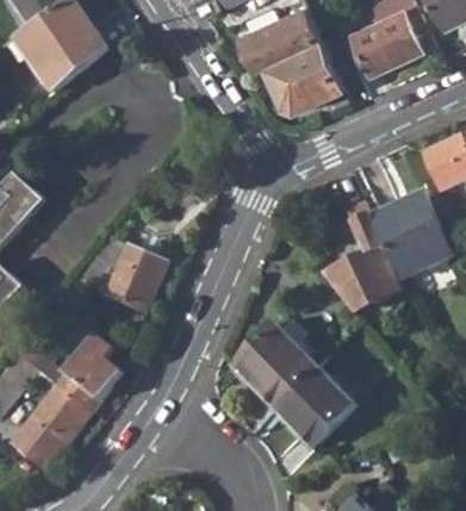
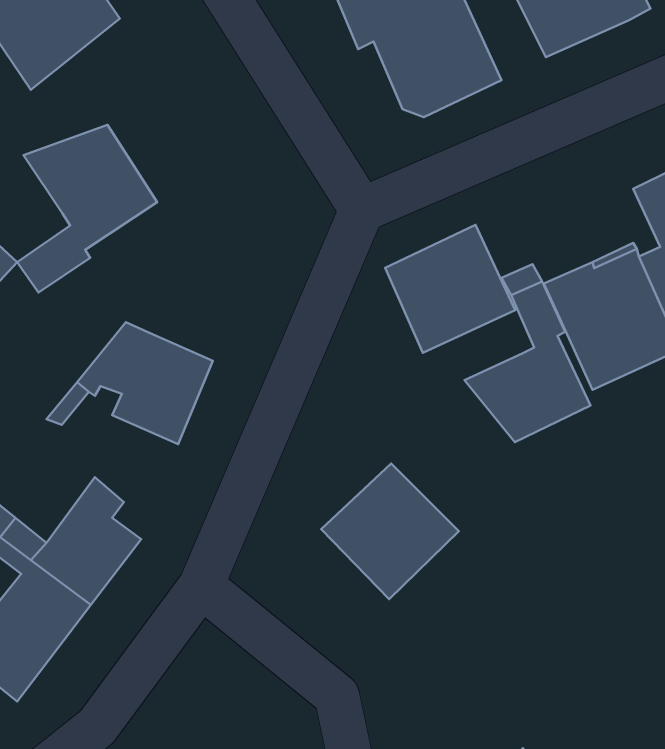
building: none -> [17,125,157,292]
building: none -> [385,225,515,353]
building: [273,367,353,448] -> none

